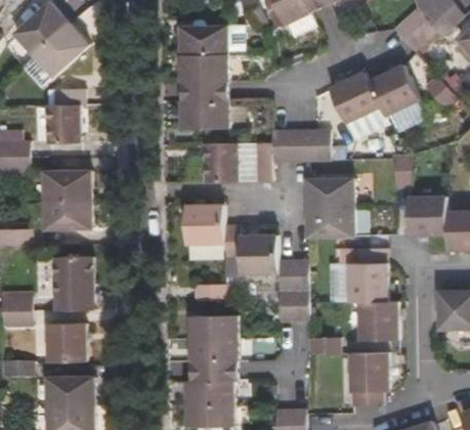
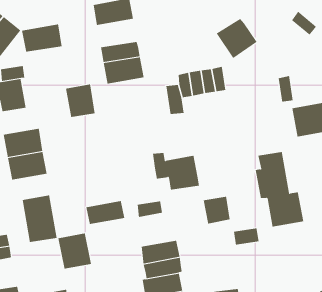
building: [179,53,227,82] -> [21,24,62,52]
building: [365,63,416,115] -> none
building: [202,143,234,181] -> [65,84,95,117]
building: [307,177,354,235] -> none
building: [185,206,224,244] -> none
building: [277,261,309,292] -> none
building: [191,314,239,338] -> [86,201,125,225]
building: [47,322,85,363] -> [57,233,92,269]
building: [352,352,391,405] -> none

